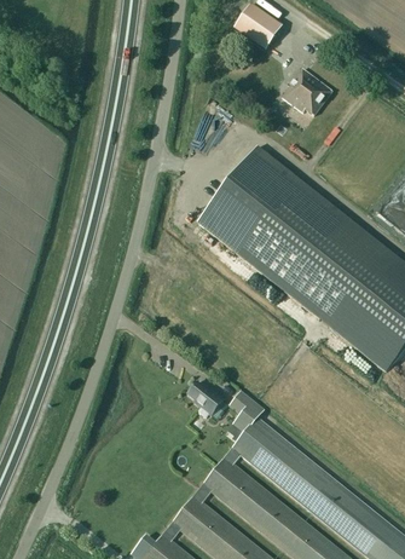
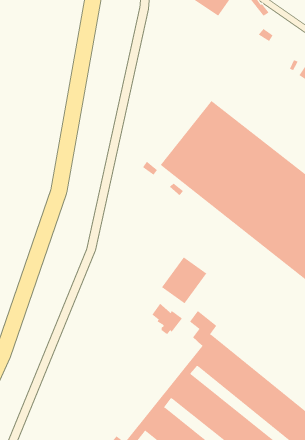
building: [282,69,331,115] -> none
building: none -> [161,257,207,304]

